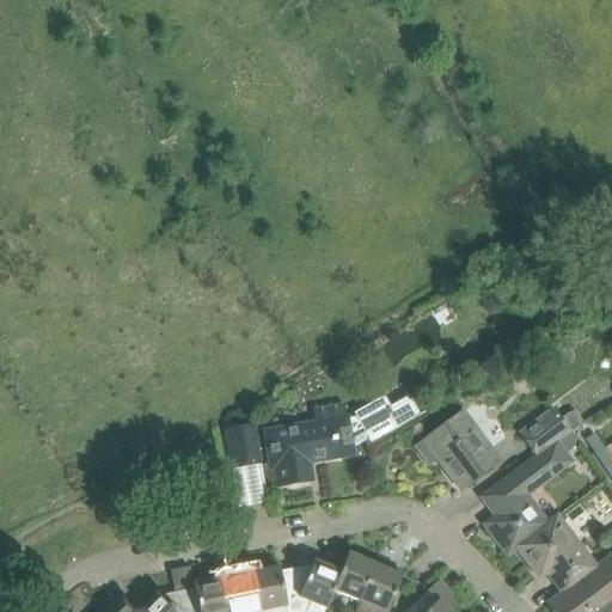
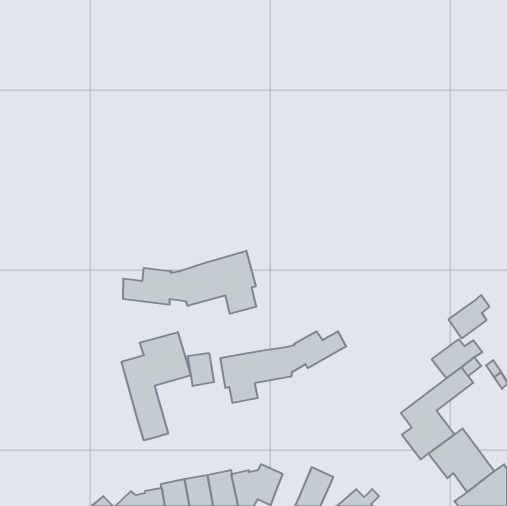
building: none -> [123,251,256,314]
building: none -> [449,295,489,338]
building: none -> [122,332,191,440]
building: [416,414,498,490] -> none
building: [333,552,375,600] -> none

